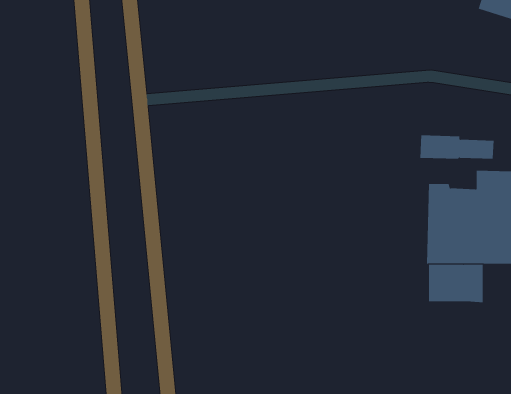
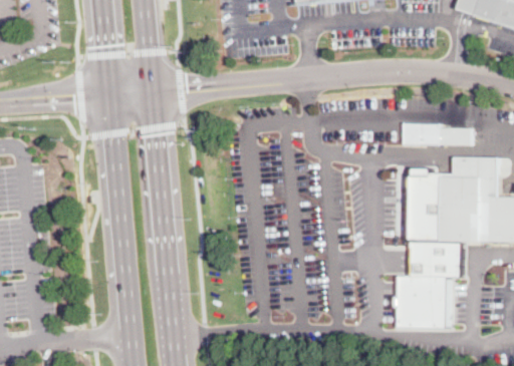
building: none -> [396,276,450,331]

